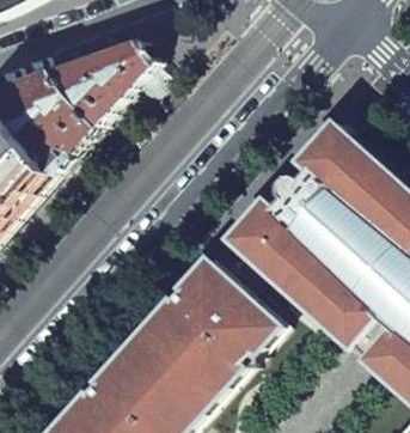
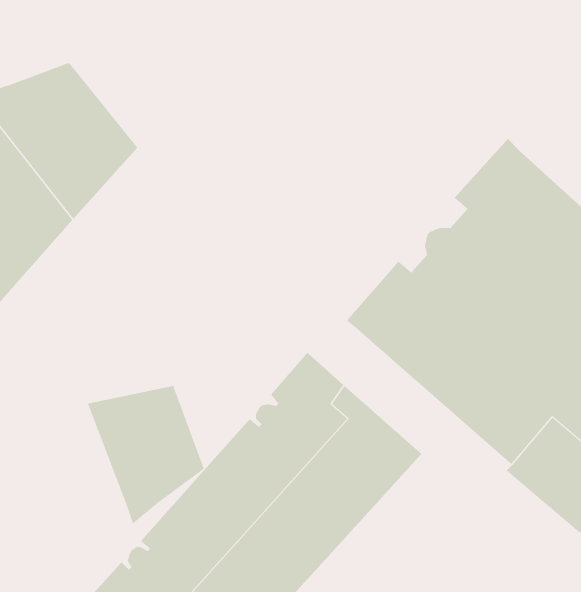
building: [49,39,153,127] -> none
building: none -> [87,385,204,524]

